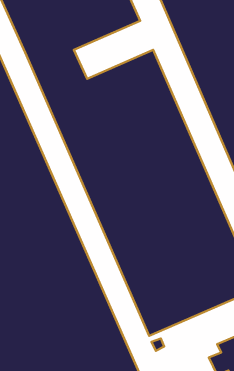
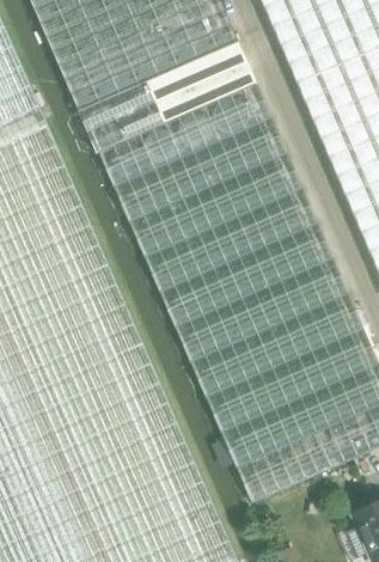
building: none -> [143,49,258,133]

